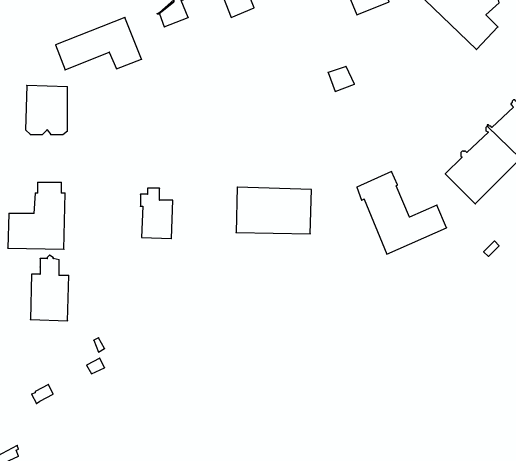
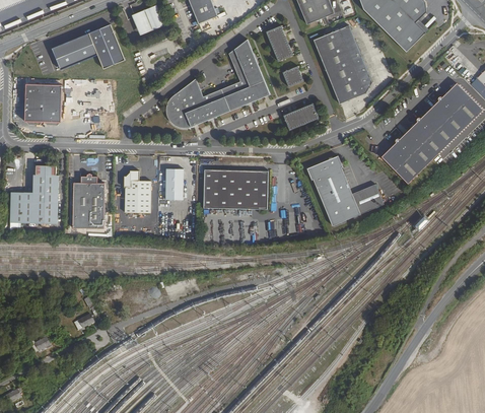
building: none -> [314,24,372,102]
building: none -> [266,25,293,61]
building: none -> [165,40,270,129]
building: none -> [283,104,319,130]
building: none -> [165,167,184,199]
building: [30,255,69,321] -> [72,171,105,227]

